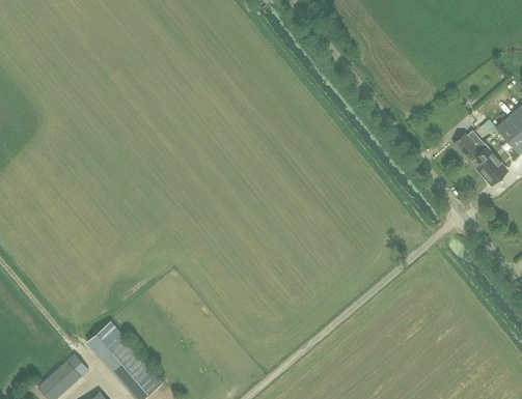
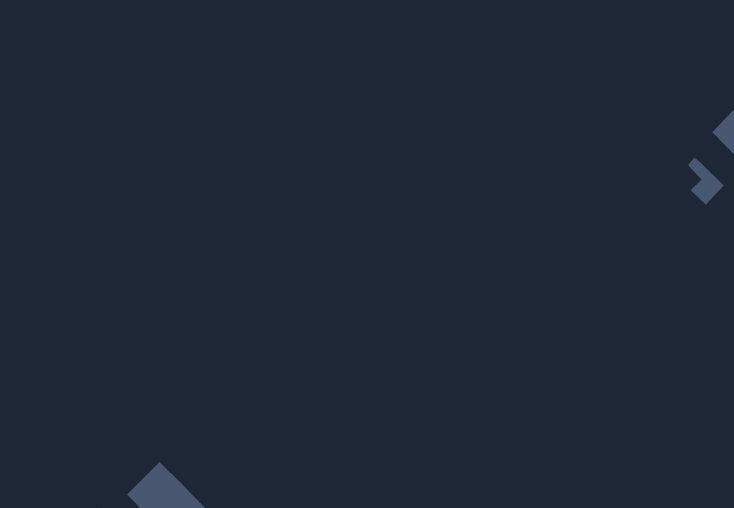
building: [455,132,487,169] -> none

